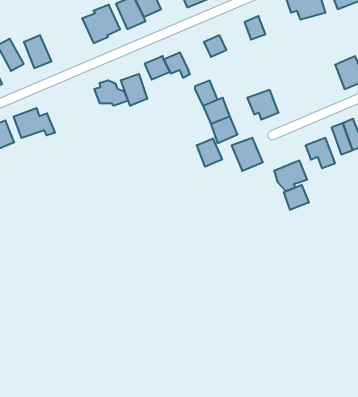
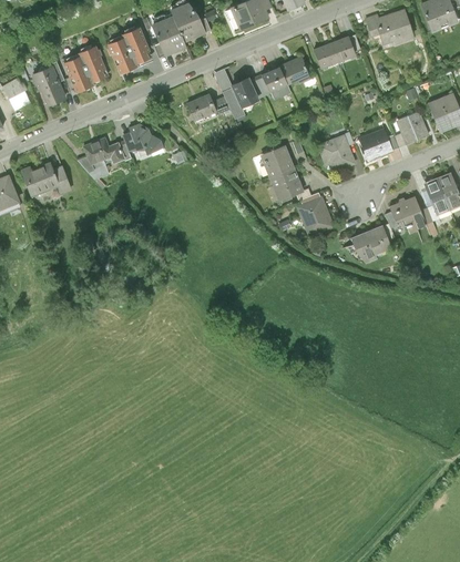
building: none -> [330,34,358,64]
building: none -> [62,45,109,94]
building: none -> [280,57,310,84]
building: none -> [396,110,431,146]
building: [121,74,147,106] -> none
building: [195,80,218,106] -> [231,76,259,109]
building: none -> [356,127,393,163]
building: none -> [82,136,125,165]
building: [197,138,222,167] -> none
building: [284,185,309,210] -> none

